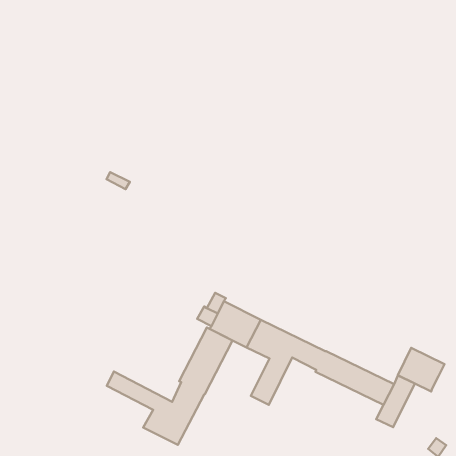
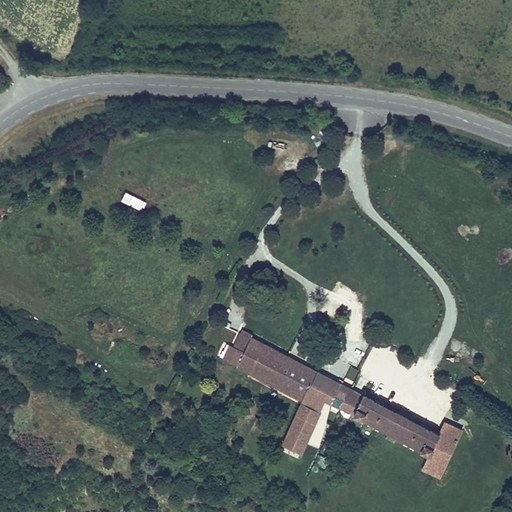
building: [107,328,233,445] -> none
building: [398,348,445,391] -> none

